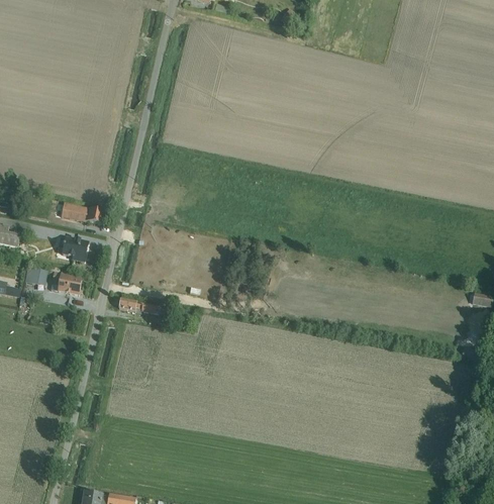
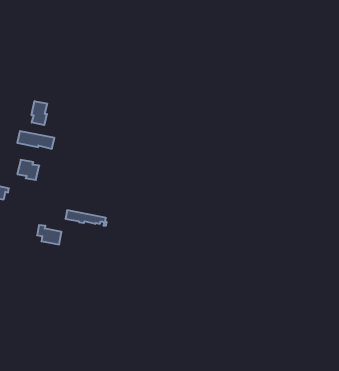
building: none -> [32,101,47,125]
building: [52,271,81,294] -> [37,225,62,245]

